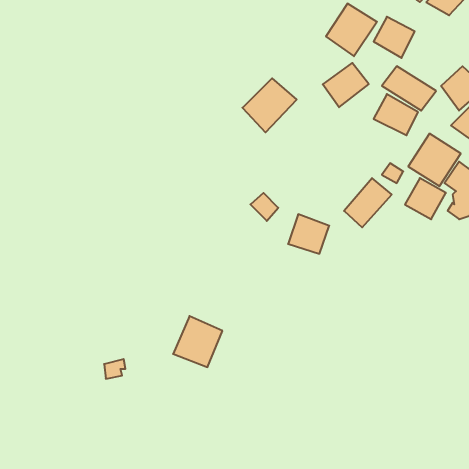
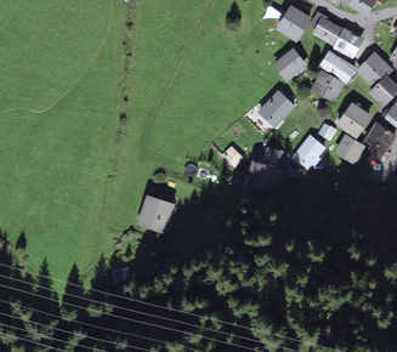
building: none -> [333,28,364,58]
building: [242,78,297,132] -> [256,90,296,130]
building: [173,316,222,367] -> [136,197,172,234]

